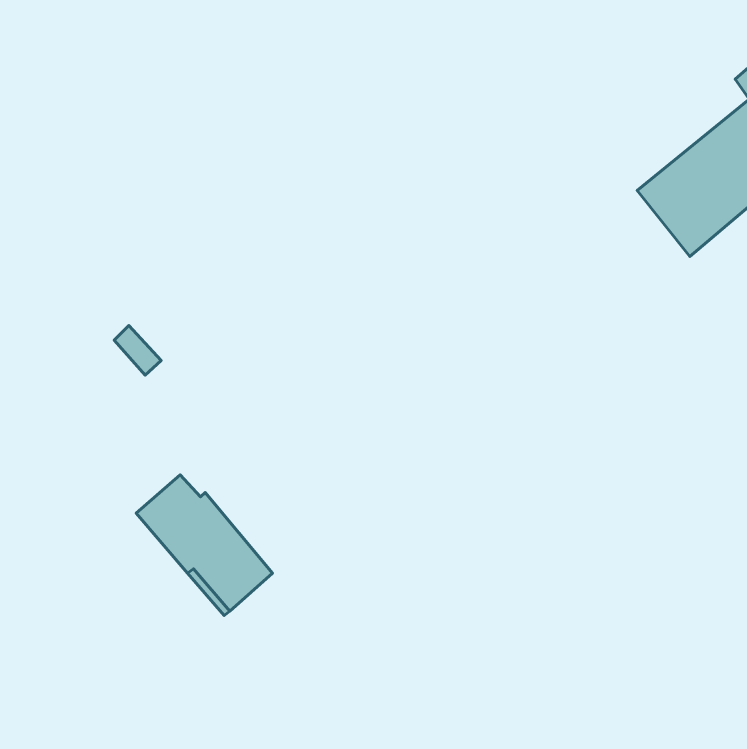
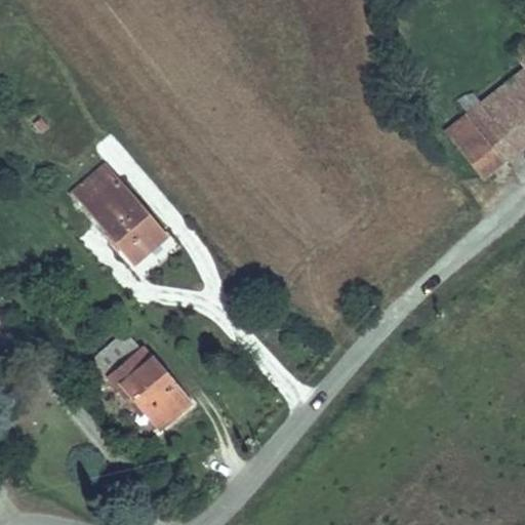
building: none -> [77,166,167,262]

